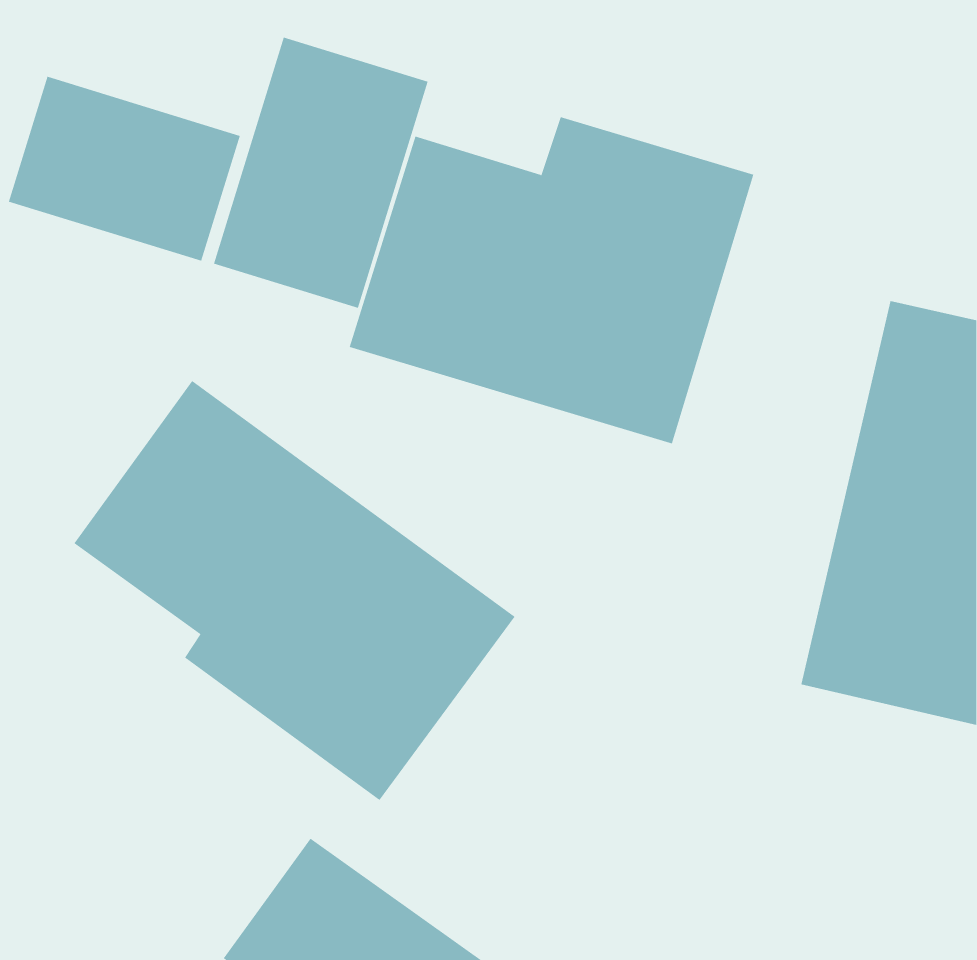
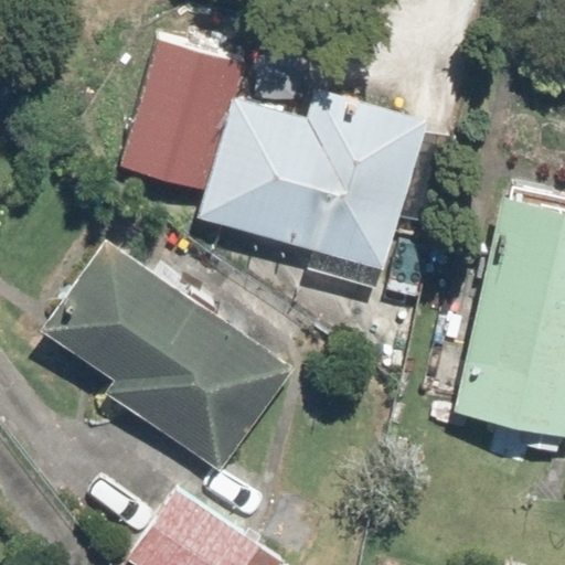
building: [8,76,240,262] -> none

